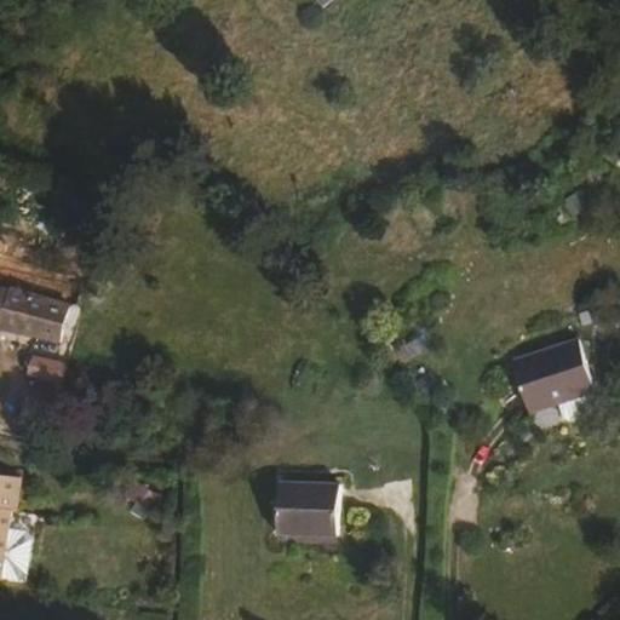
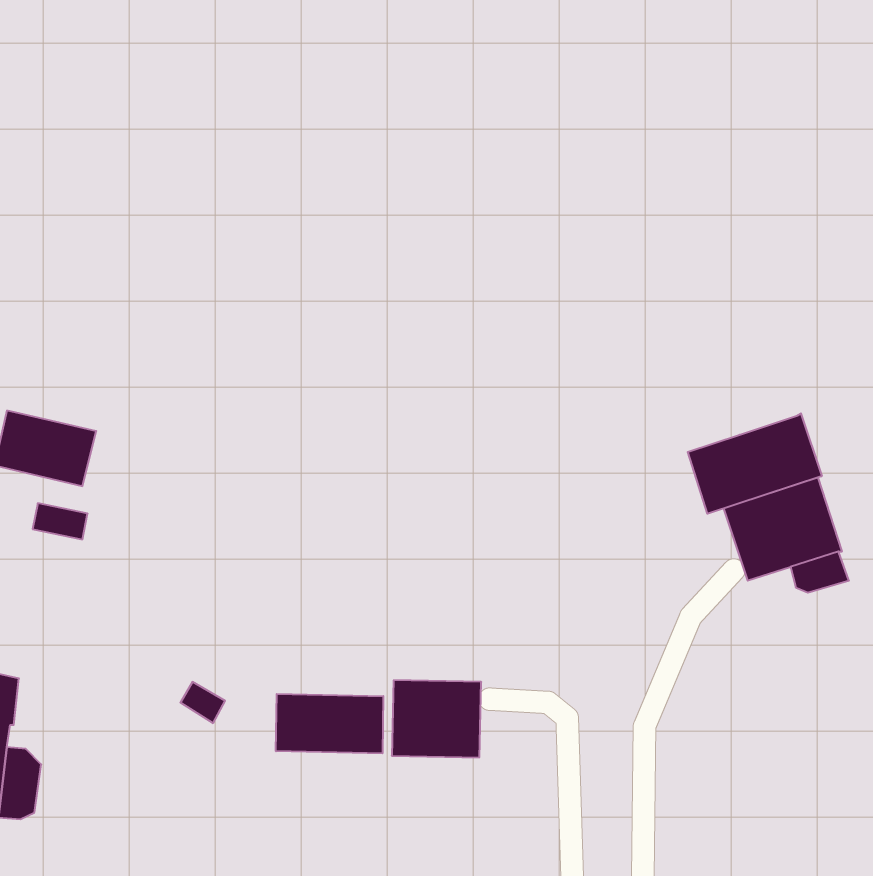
building: none -> [688,413,822,514]
building: none -> [276,694,383,753]

